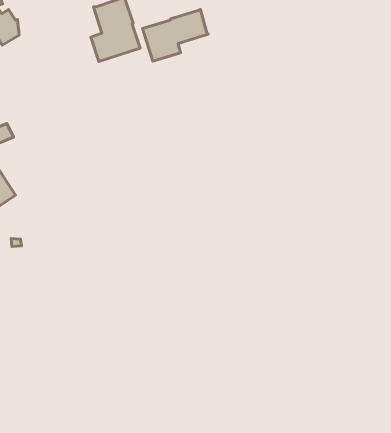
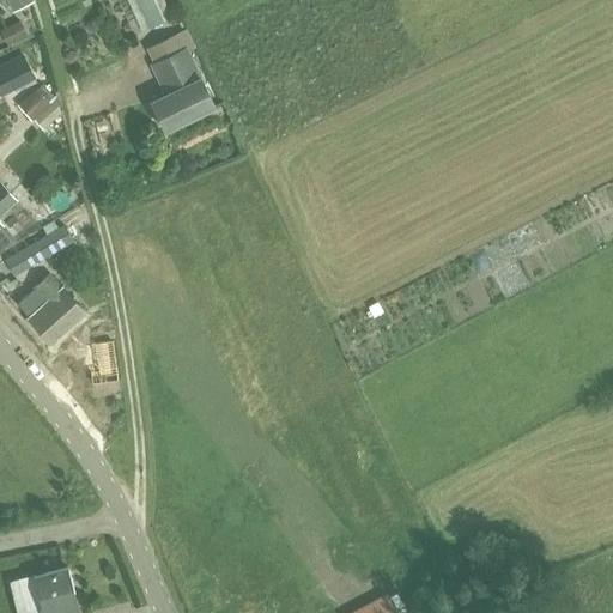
building: [143,10,208,61] -> none

